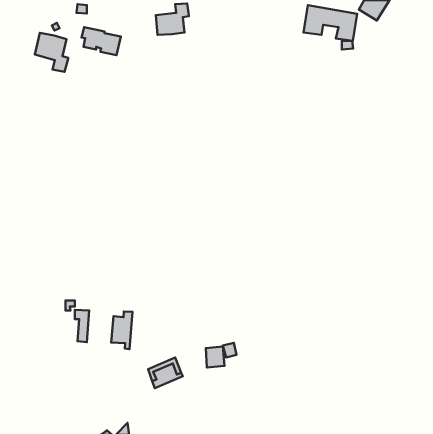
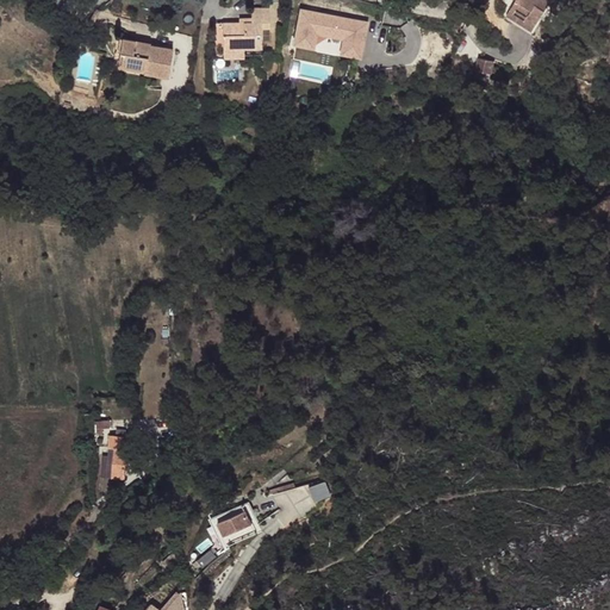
building: [303,5,357,41] -> [295,8,371,58]
building: [35,33,68,72] -> none
building: [111,311,132,349] -> none

